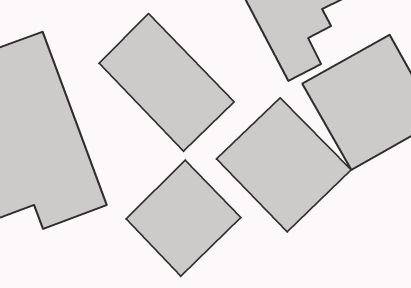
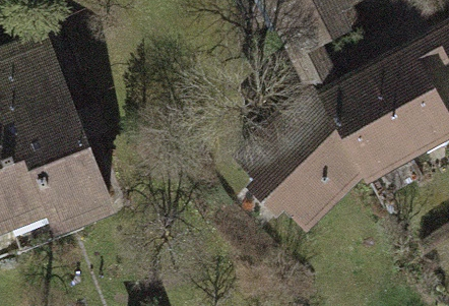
building: [99,14,234,151] -> none
building: [126,160,241,276] -> none

